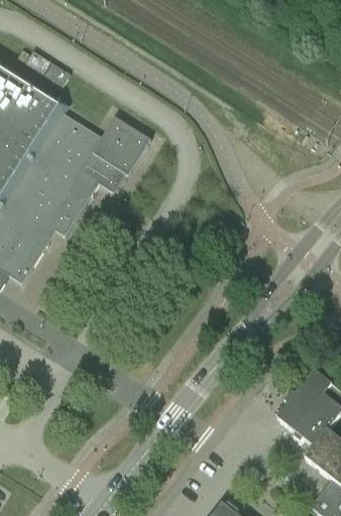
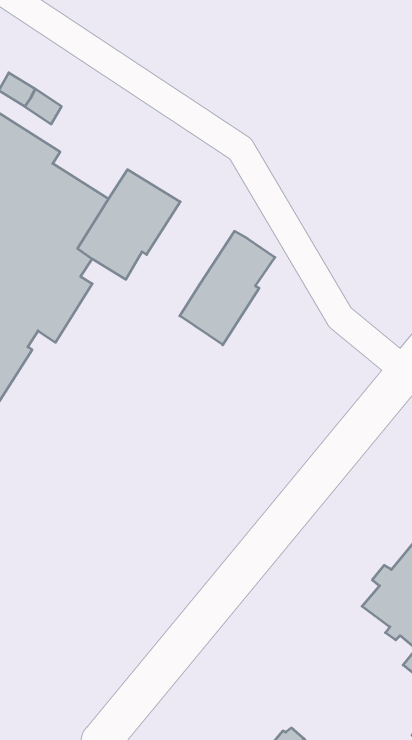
building: none -> [180,231,275,345]

